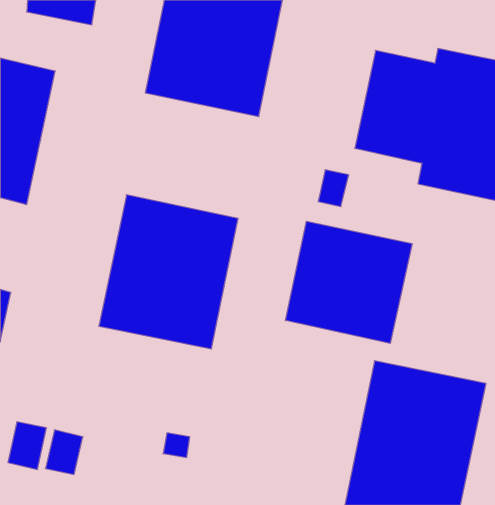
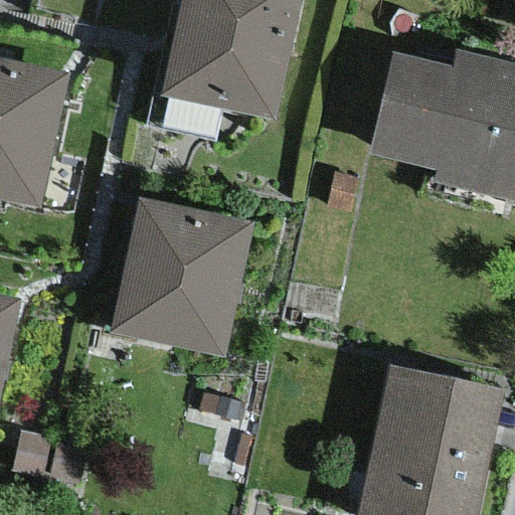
building: [286,221,412,343] -> none

